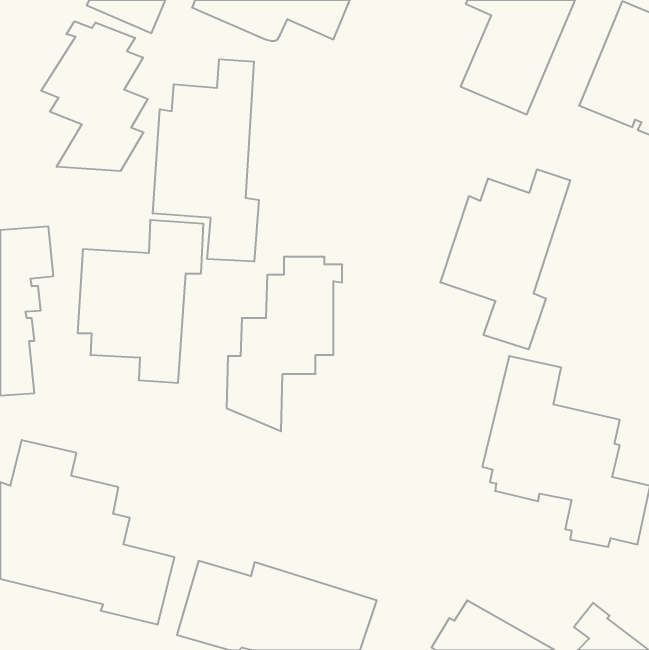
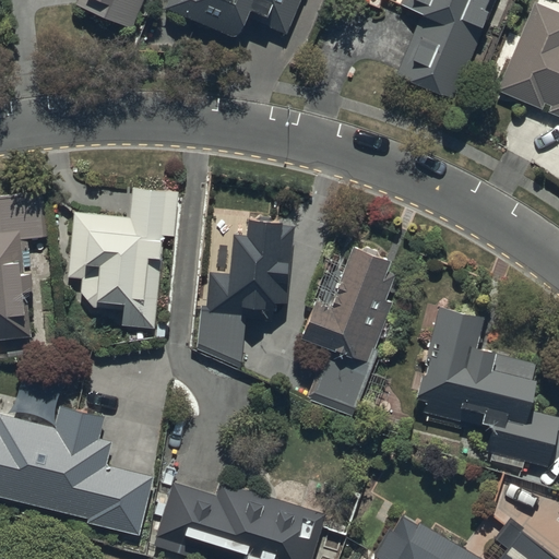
building: [41,21,148,171] -> none
building: [153,59,259,262] -> none
building: [440,169,570,349] -> none
building: none -> [299,248,392,415]

